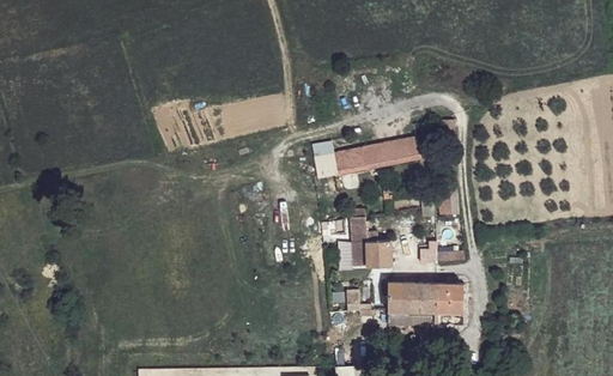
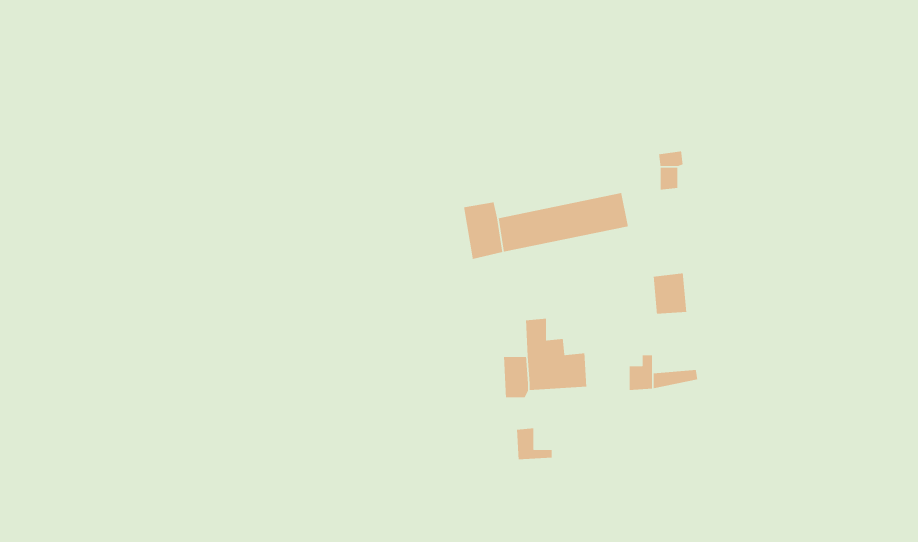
building: [387,283,467,325] -> none

